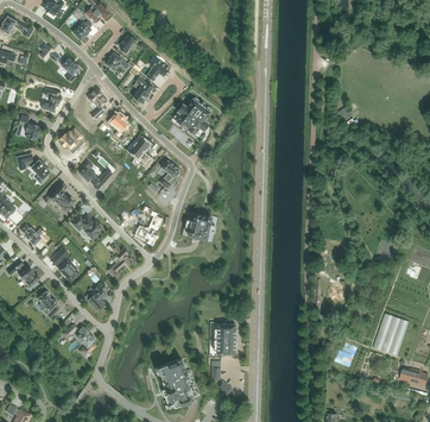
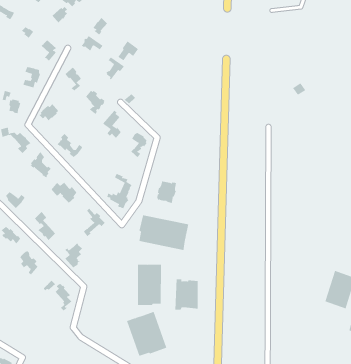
building: [176,99,210,134] -> none
building: none -> [139,214,189,251]
building: none -> [137,264,161,306]

